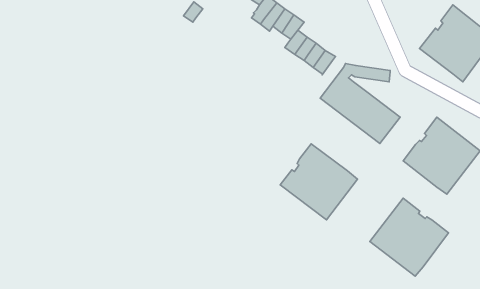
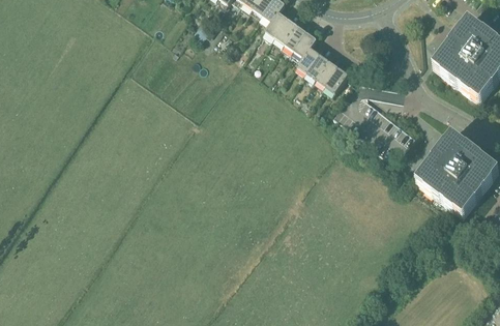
building: [280,144,357,220] -> none
building: [370,198,448,276] -> none

